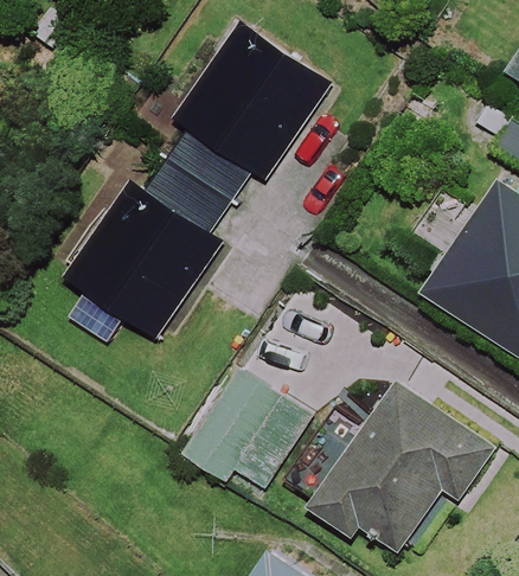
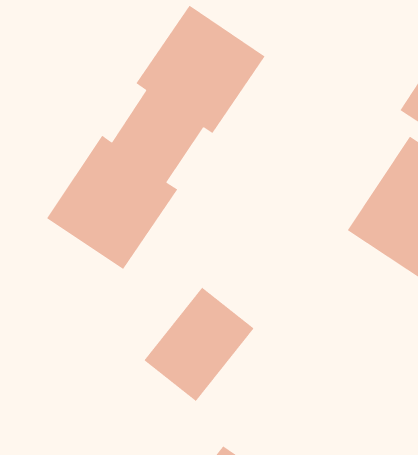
building: [273,384,496,552] -> none

